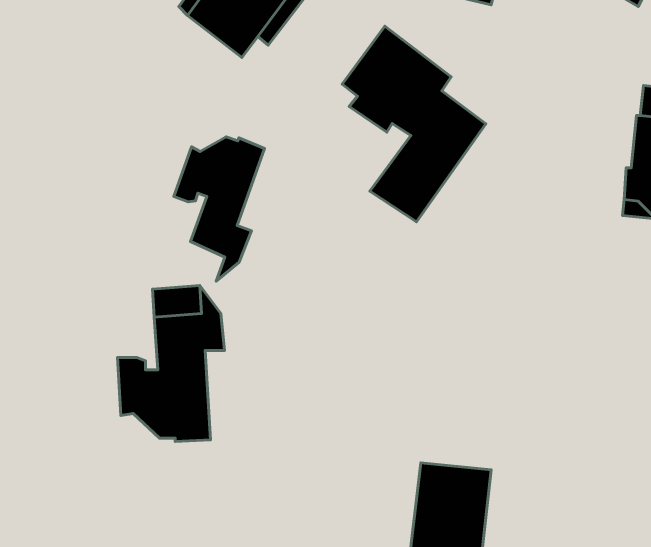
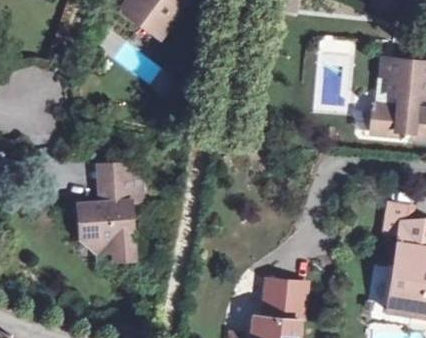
building: [342,26,486,222] -> none
building: [174,137,264,281] -> none

